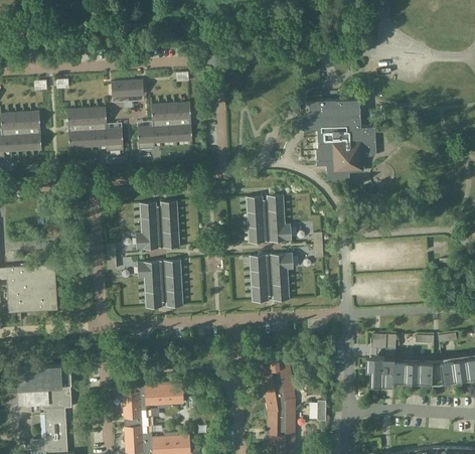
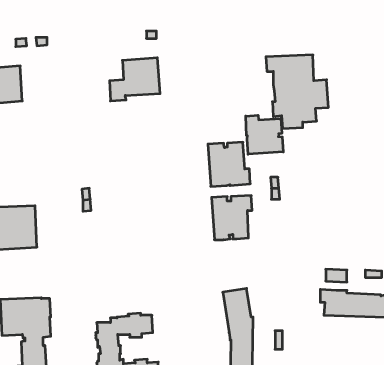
building: [111,81,143,98] -> none
building: [66,108,123,152] -> none
building: none -> [246,115,283,154]
building: [135,201,179,251] -> none
building: [137,261,183,309] -> none

